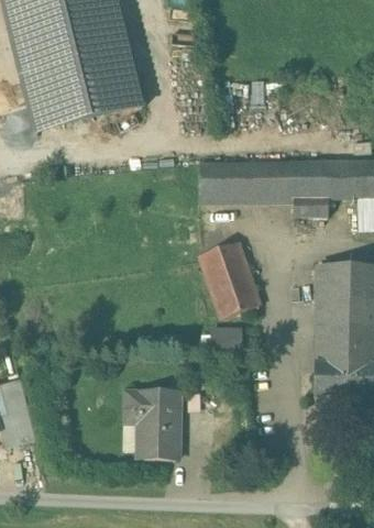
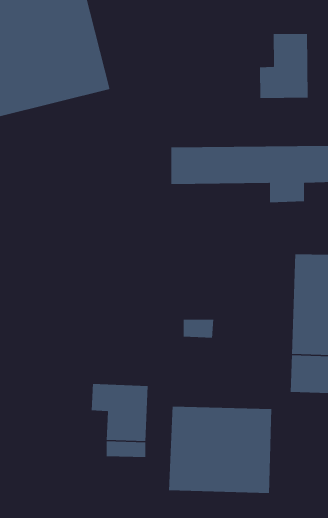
building: none -> [259,33,308,99]
building: [199,241,260,318] -> none
building: none -> [168,406,272,494]

